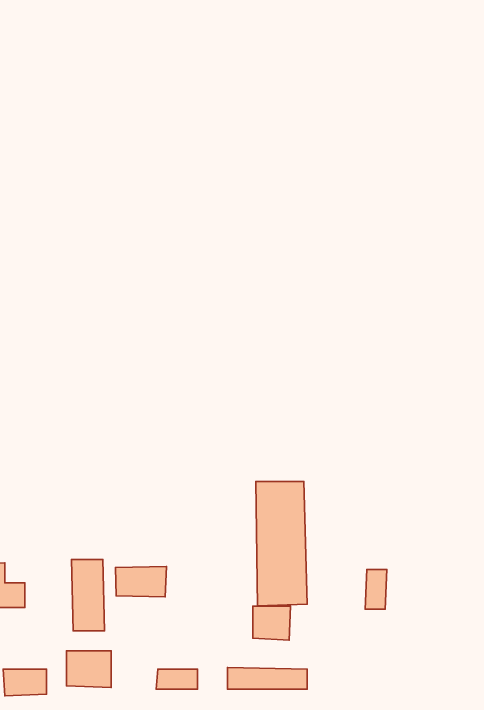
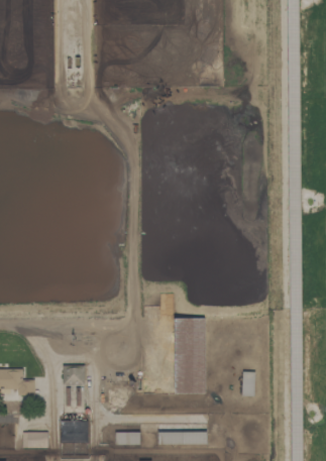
building: [116,566,167,597] -> none
building: [253,606,290,640] -> none

